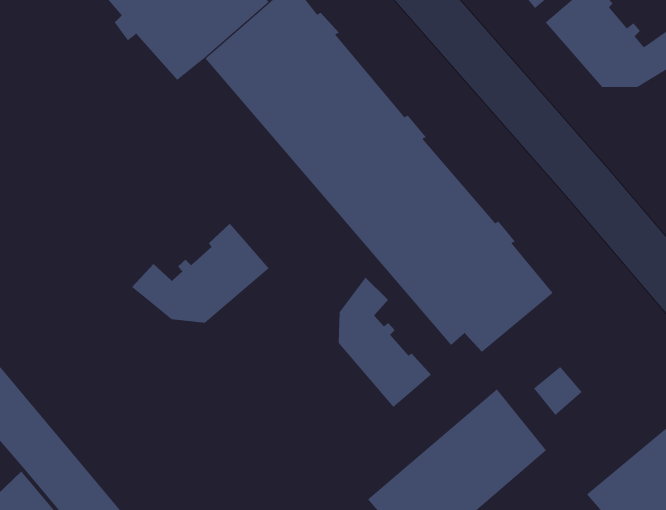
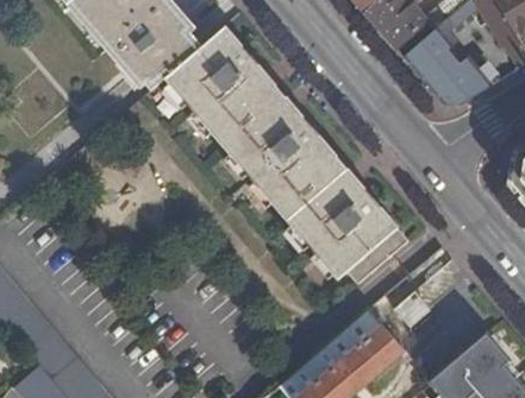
building: [131,223,269,324] -> none
building: [338,277,432,408] -> none

